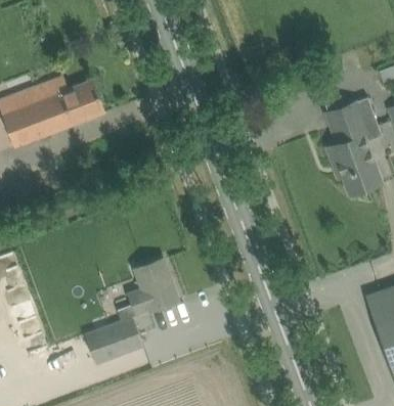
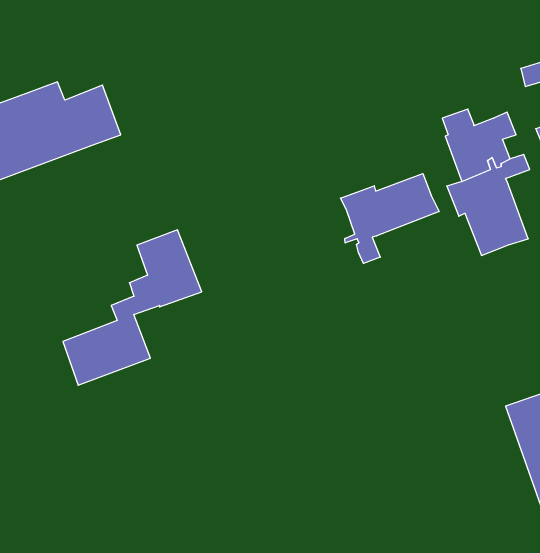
building: none -> [340,174,439,263]
building: [83,259,177,364] -> [63,230,202,385]

